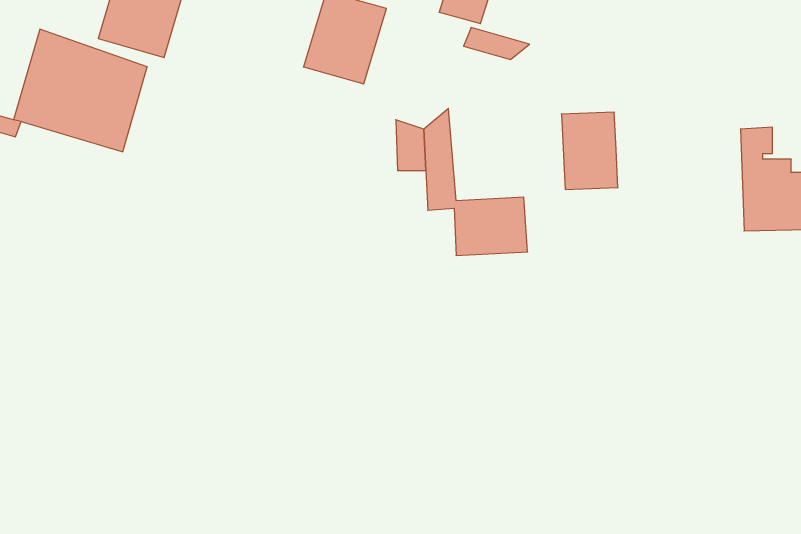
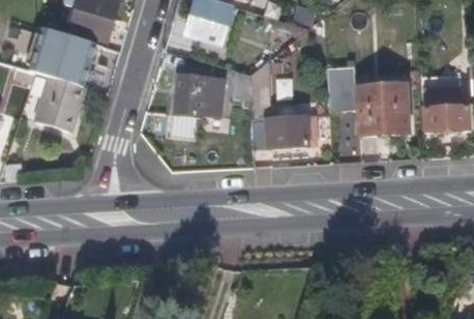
building: none -> [35,75,86,130]
building: none -> [175,76,221,116]
building: none -> [355,84,407,134]

